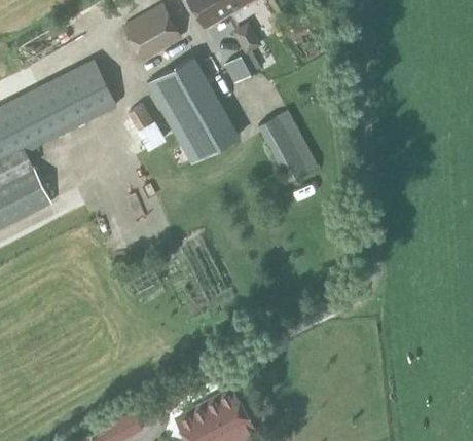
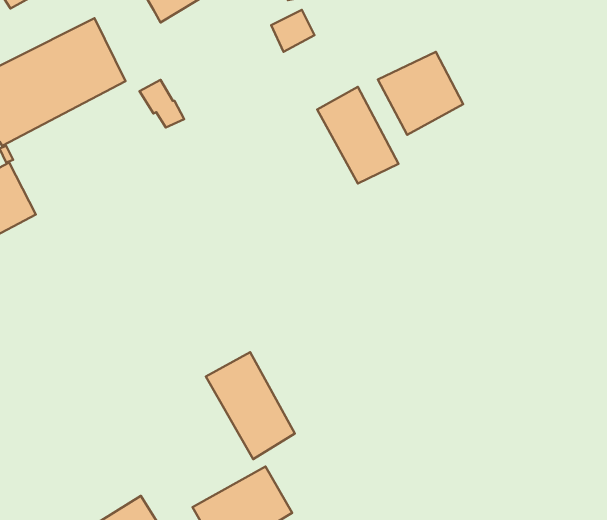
building: [145,56,241,164] -> none
building: none -> [378,52,463,135]
building: none -> [206,352,295,459]

